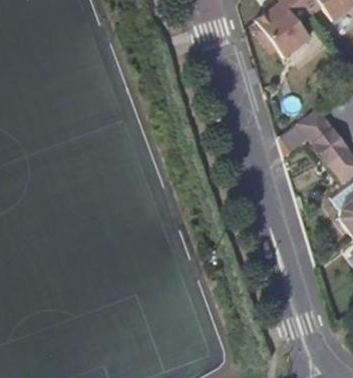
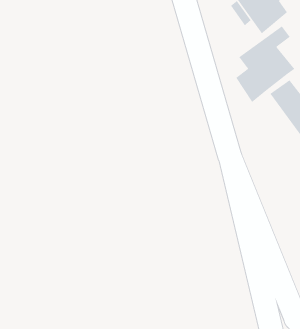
building: none -> [235,25,295,103]

